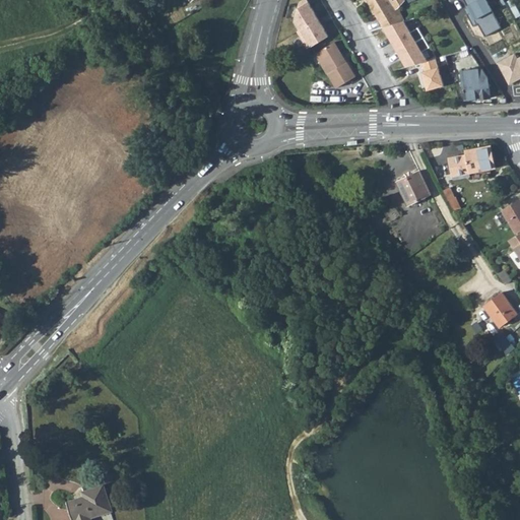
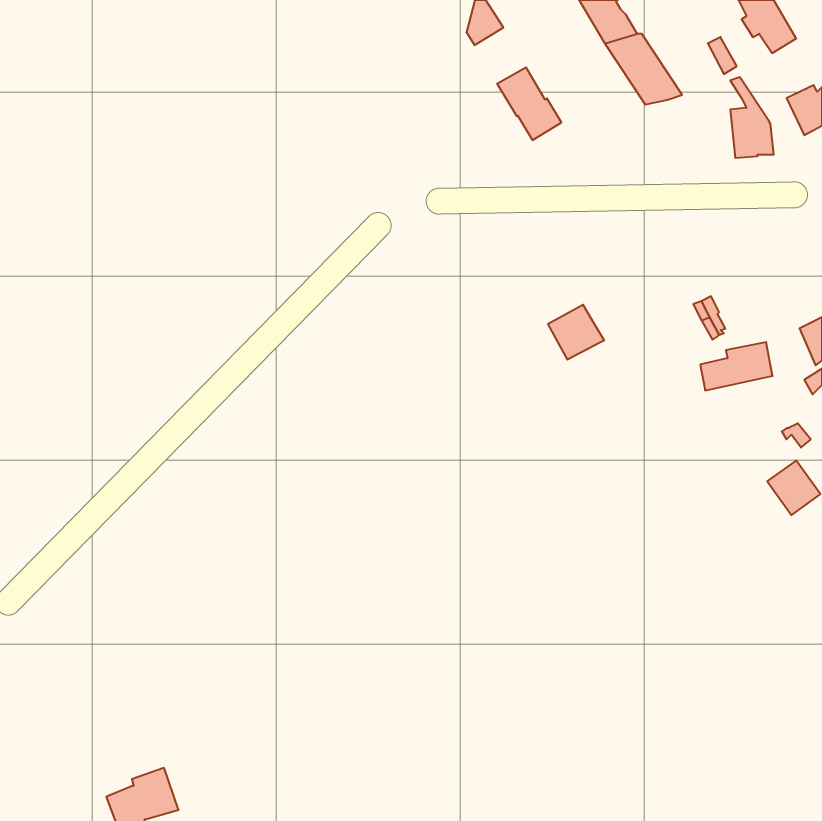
building: [298,18,328,49] -> none
building: [421,60,443,91] -> none
building: [448,146,494,177] -> [700,342,773,390]
building: [397,172,433,206] -> [548,305,604,360]

